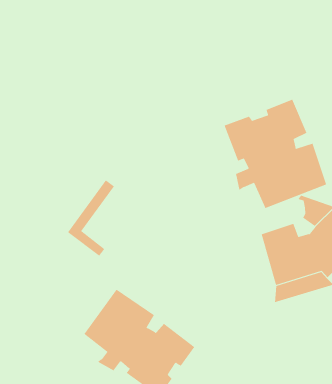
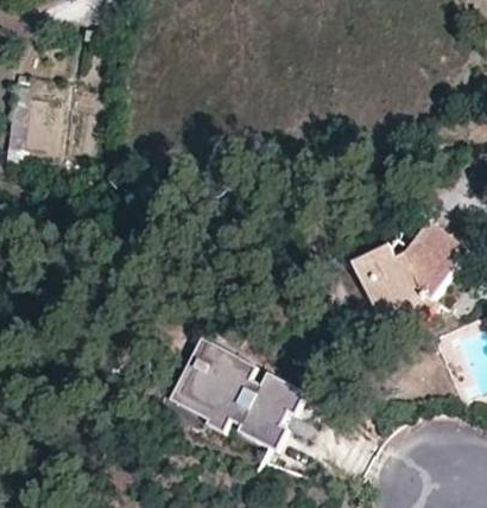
building: [224,99,327,209] -> none
building: [67,179,115,256] -> [170,339,213,421]

